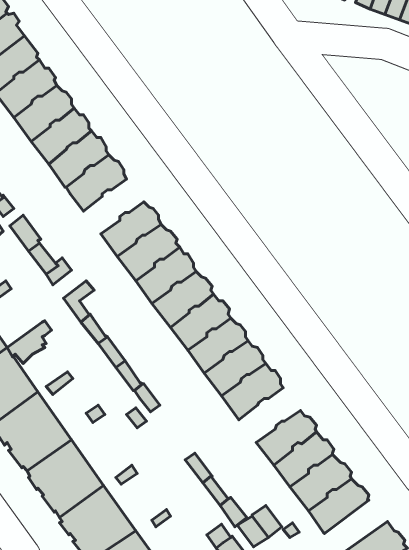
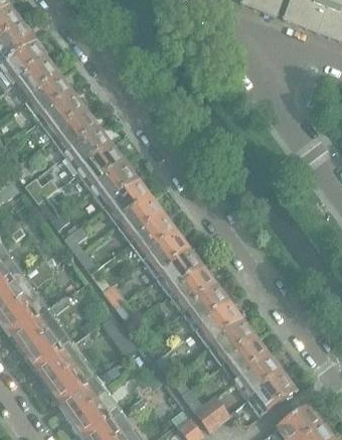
building: none -> [79,149,125,190]
building: none -> [196,306,242,347]

